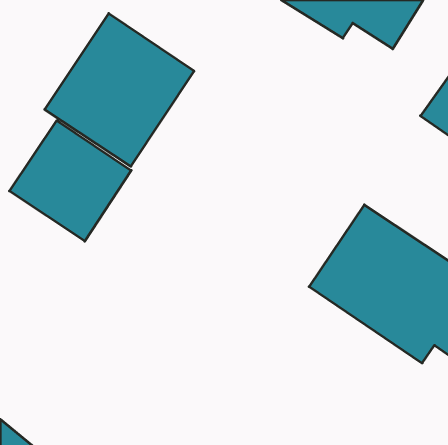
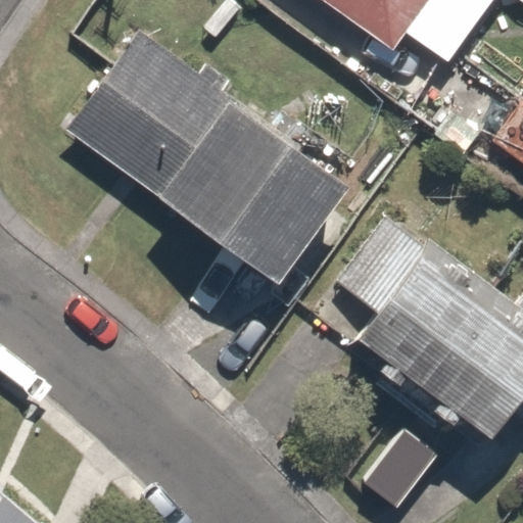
building: none -> [158,93,351,282]
building: [9,121,131,241] -> none

